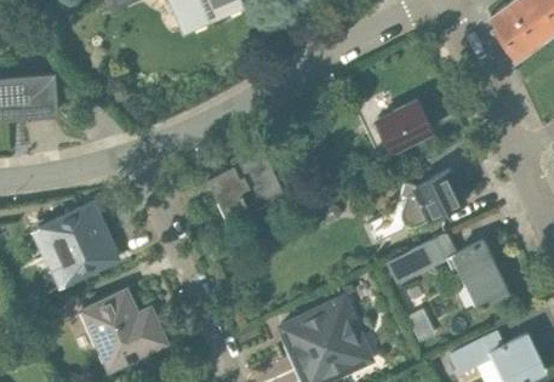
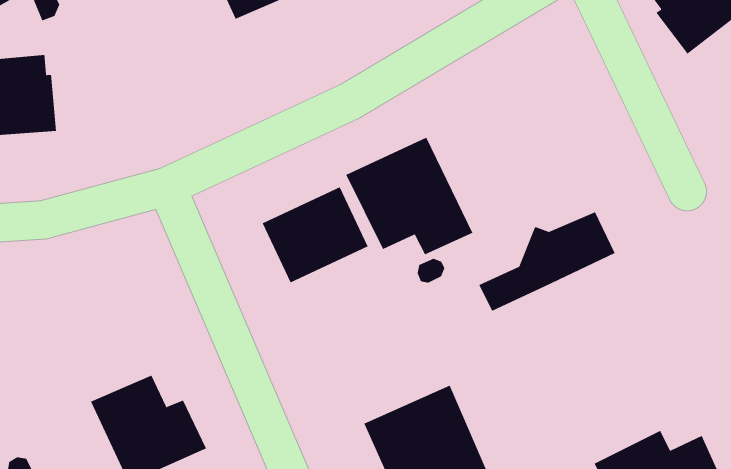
building: [377,101,430,150] -> none
building: none -> [346,137,473,255]
building: [41,203,118,284] -> none
building: [383,236,508,307] -> none

